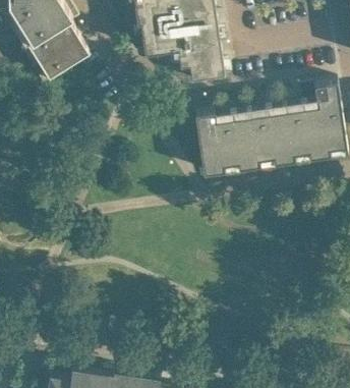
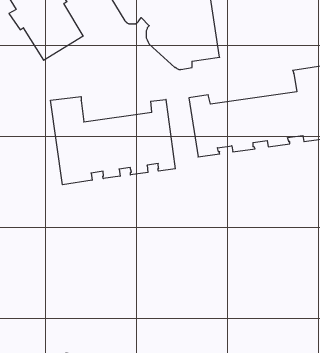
building: none -> [51,97,175,185]

